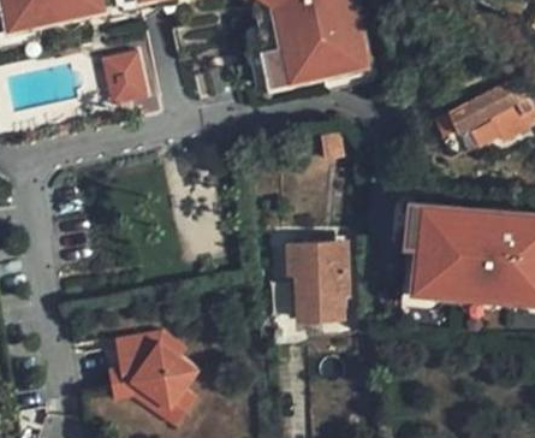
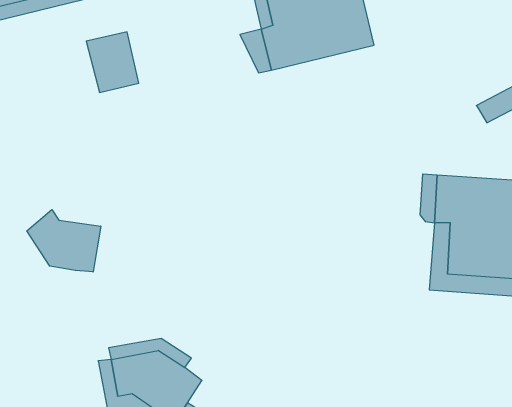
building: none -> [27,210,101,272]
building: [290,221,359,326] -> none

